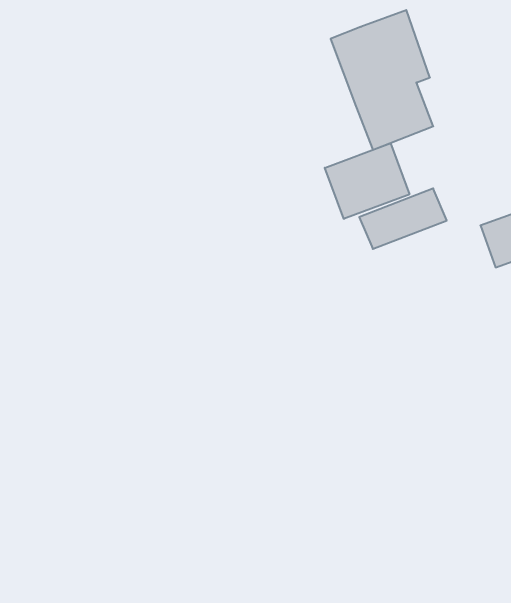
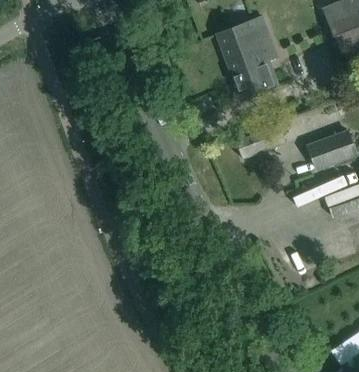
building: [325,143,409,219] -> none

